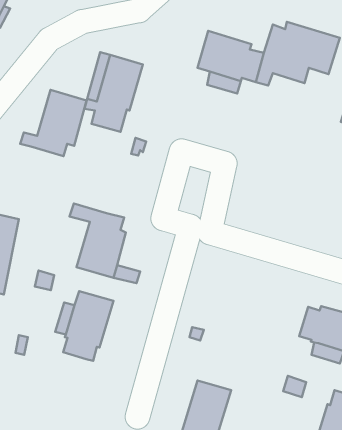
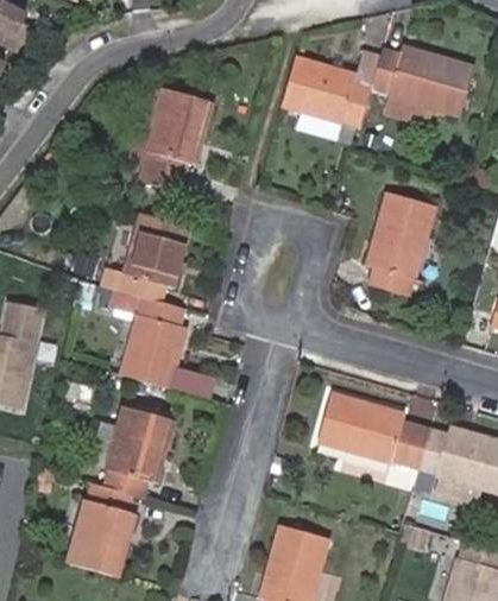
building: [20,90,87,156] -> [102,211,191,300]
building: none -> [367,192,435,295]
building: none -> [319,391,431,466]
building: none -> [67,485,137,577]

